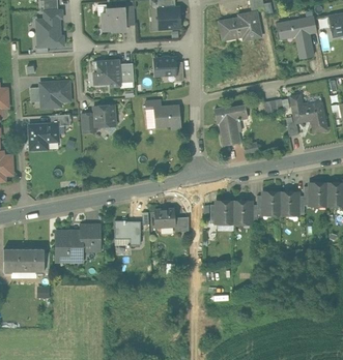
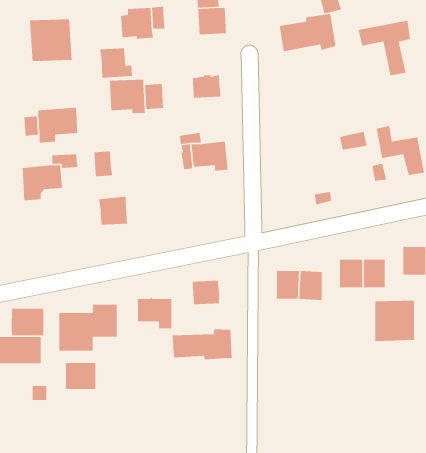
building: none -> [99,47,133,78]
building: [93,104,115,126] -> [98,196,128,225]
building: [215,104,248,145] -> none
building: none -> [374,300,415,342]
building: none -> [11,308,44,336]
building: none -> [172,329,233,360]
building: none -> [65,362,96,390]

